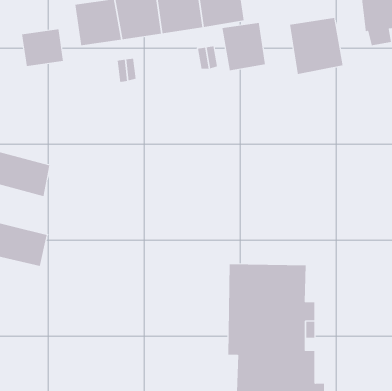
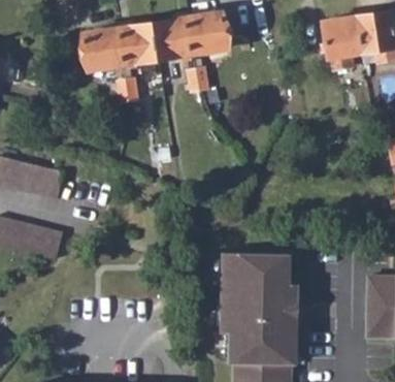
building: [290,17,343,75] -> none
building: [222,22,266,71] -> none
building: [22,29,64,67] -> none

